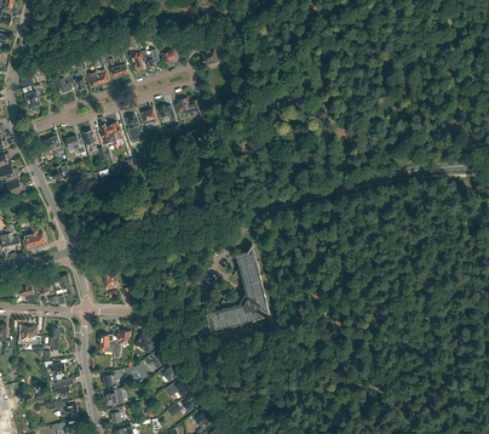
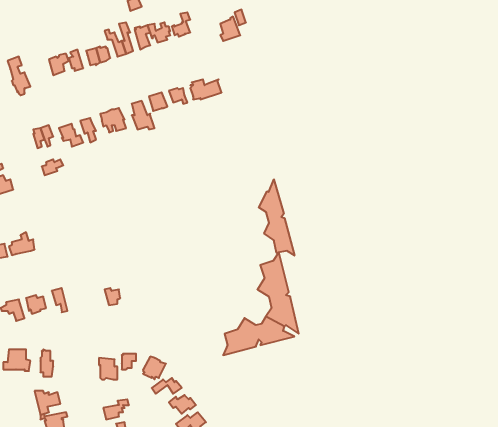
building: none -> [259,179,294,256]

